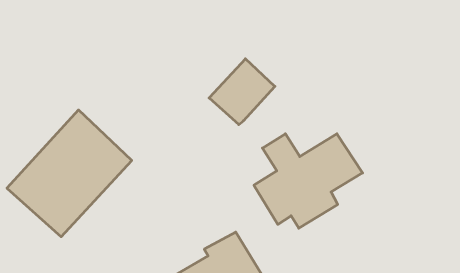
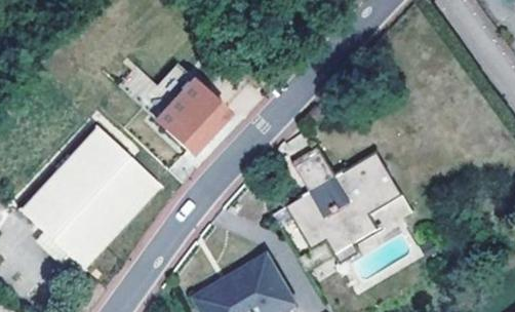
building: [209,59,275,125] -> [155,79,226,150]

